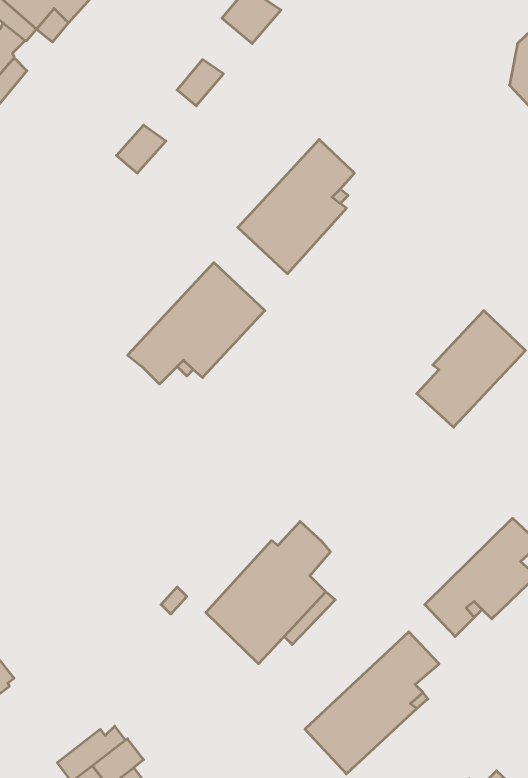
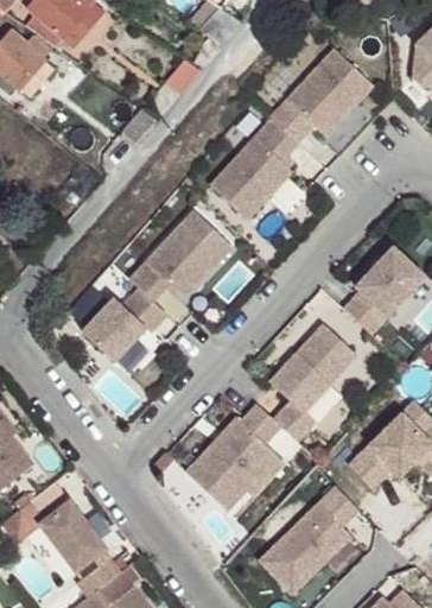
building: none -> [269,49,373,142]
building: none -> [82,287,166,361]
building: none -> [269,323,356,441]
building: none -> [39,500,104,570]

